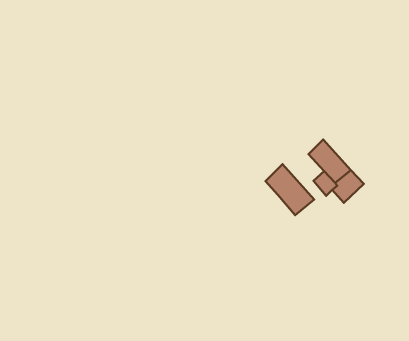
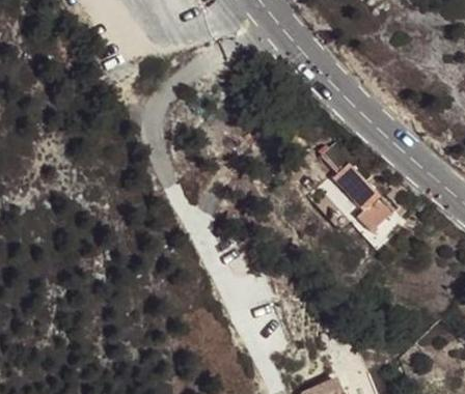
building: [265,164,314,215] -> none

